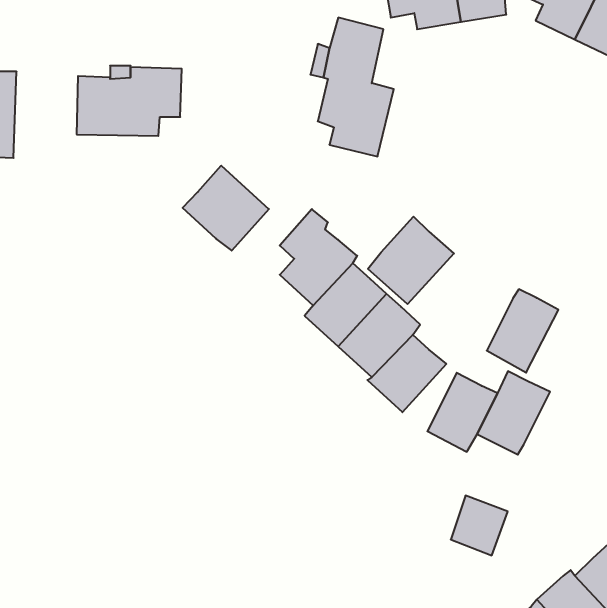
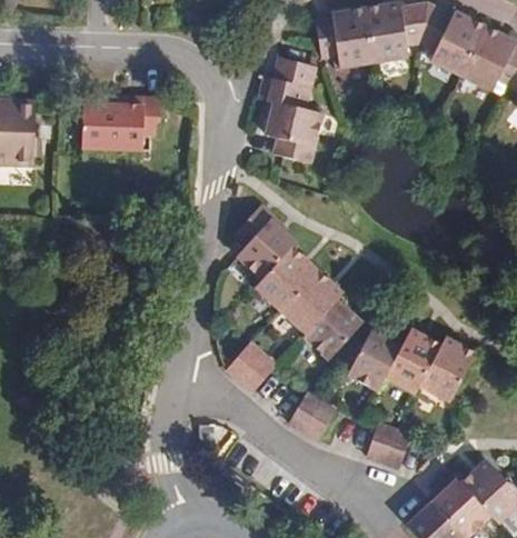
building: [183,166,269,251] -> none
building: [368,217,454,304] -> none
building: [487,289,558,373] -> [421,337,476,400]
building: none -> [226,341,277,391]
building: none -> [289,391,336,439]

